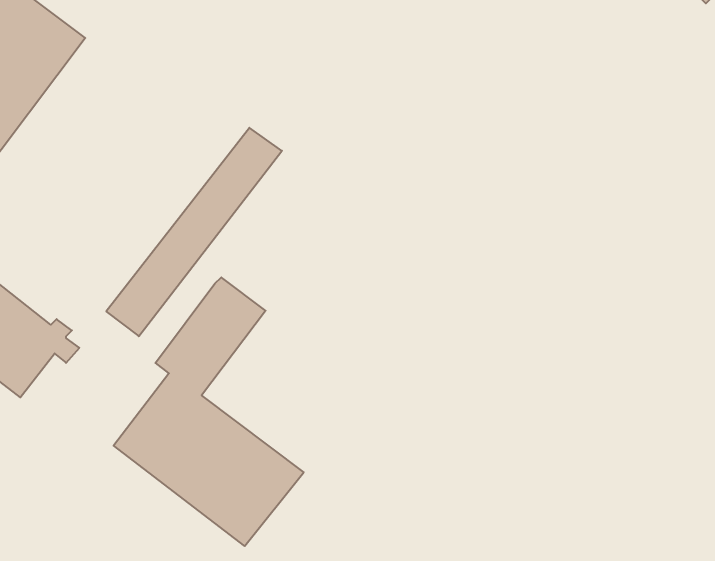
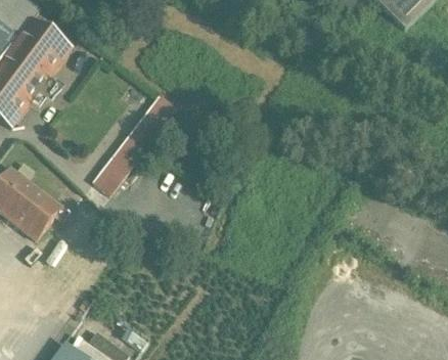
building: [114,277,304,546] -> none

